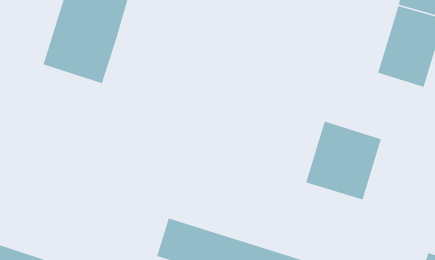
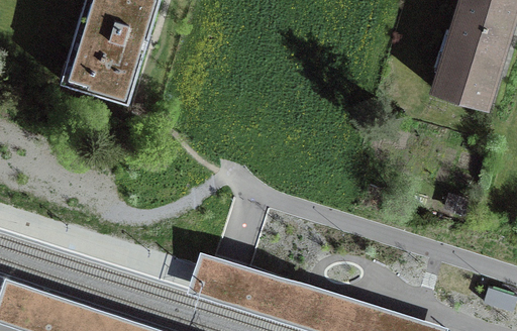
building: [305,120,382,200] -> none

